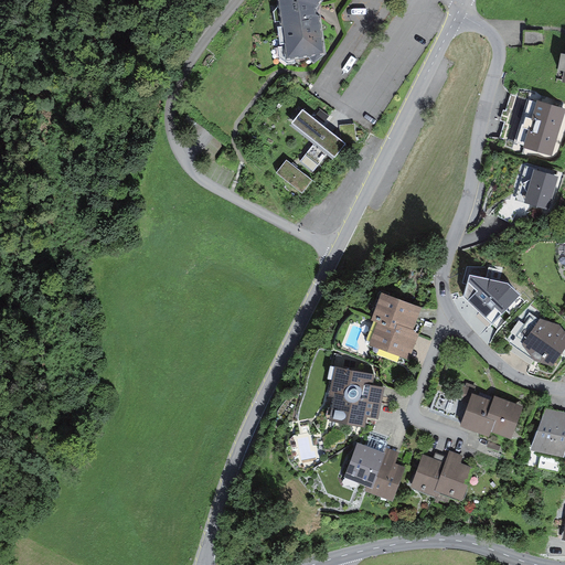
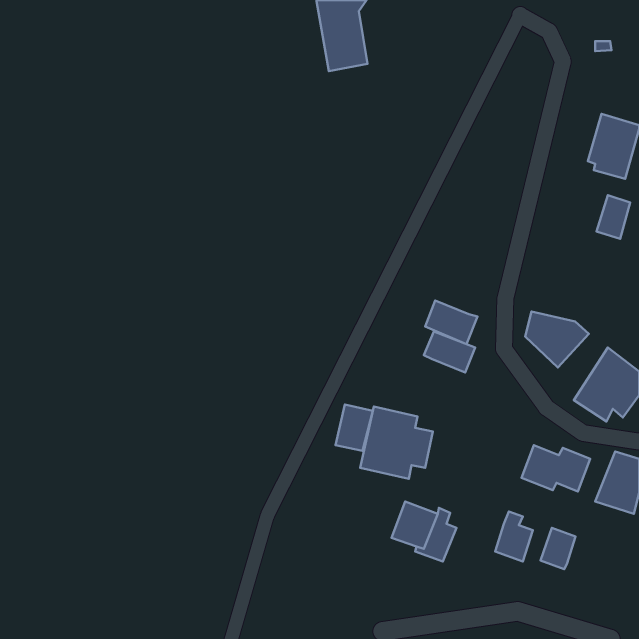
building: [292,113,347,172] -> none
building: [277,162,312,194] -> none
building: [372,317,418,355] -> [425,300,478,344]
building: none -> [336,404,373,451]
building: [414,455,445,491] -> [540,528,575,569]

